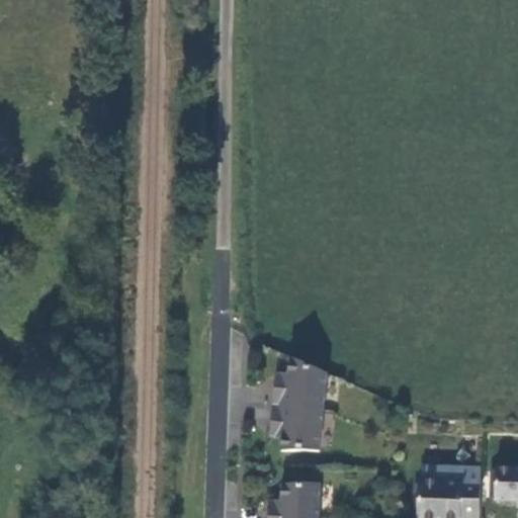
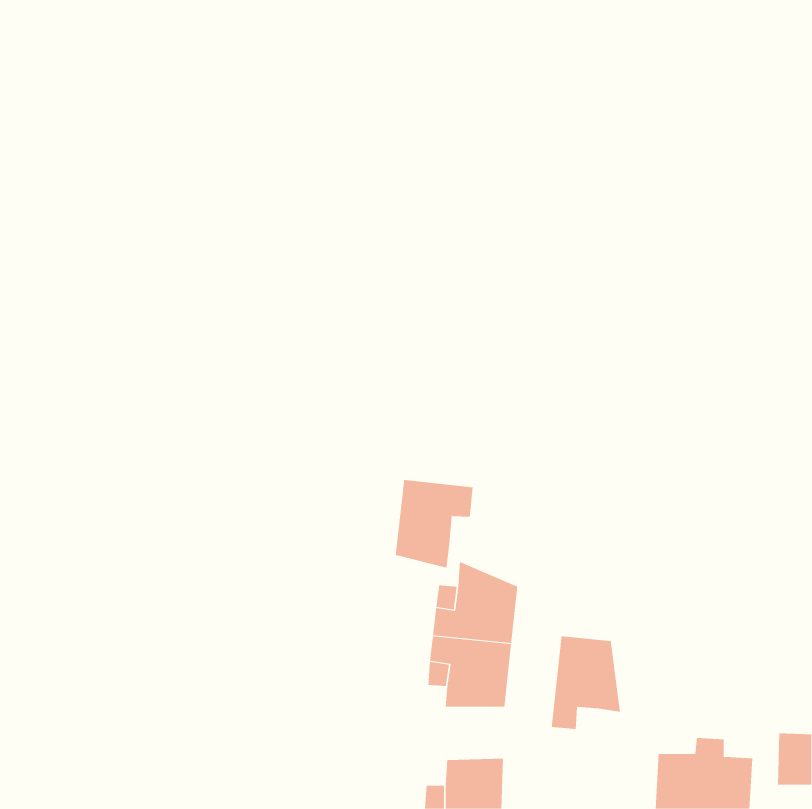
building: none -> [395,479,473,568]
building: none -> [551,635,621,730]

